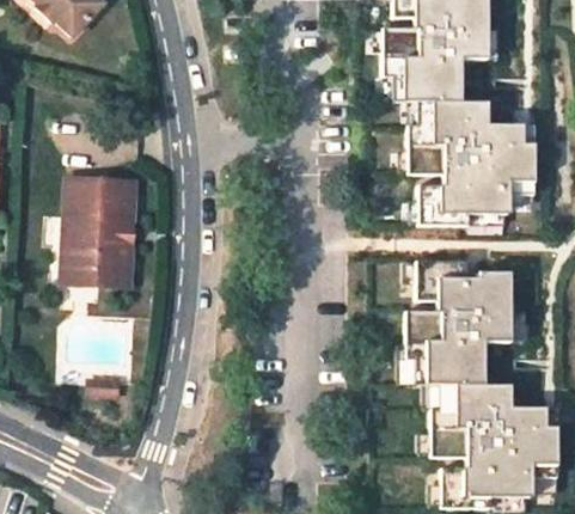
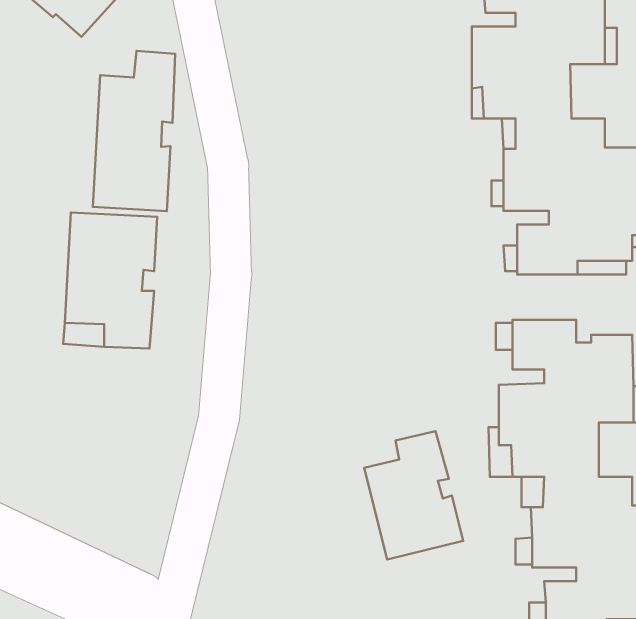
building: none -> [93,51,175,211]
building: none -> [364,431,463,560]

